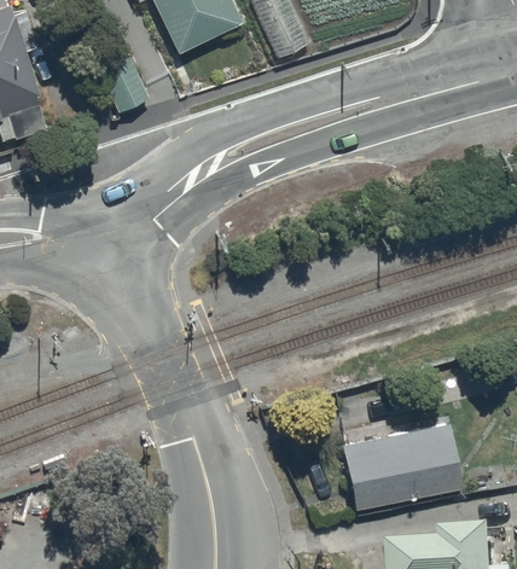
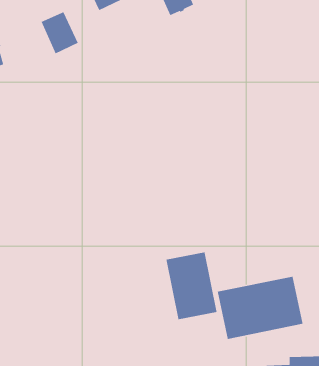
building: none -> [166,252,218,320]

